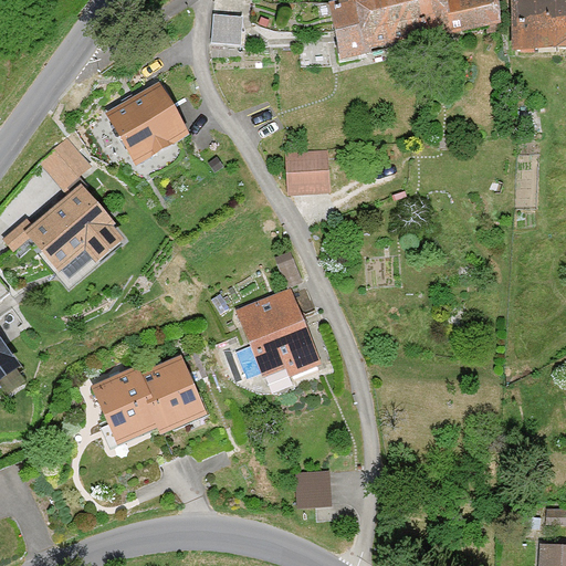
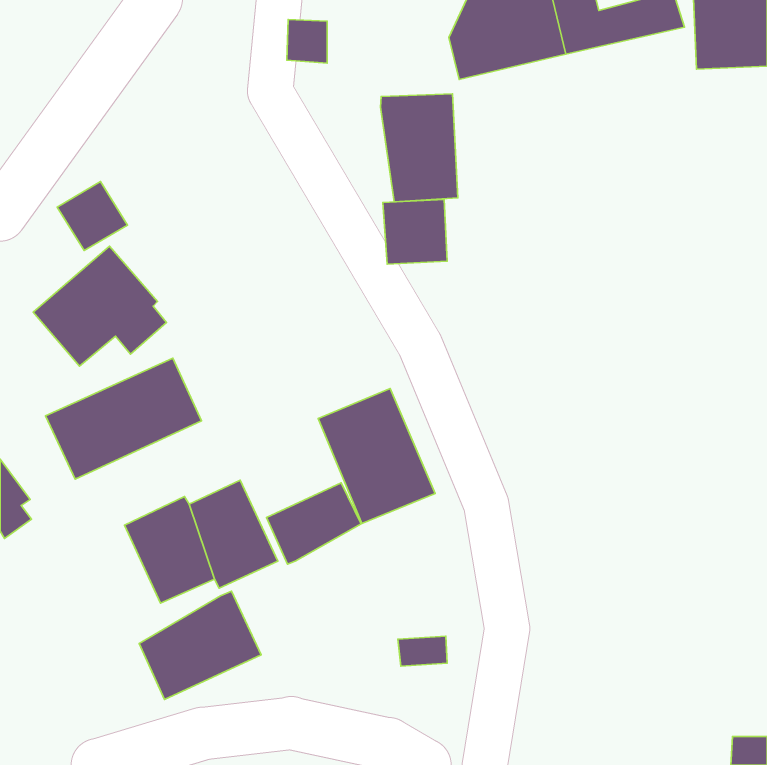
building: none -> [381,94,458,202]
building: [106,85,189,166] -> none
building: none -> [45,358,202,479]
building: none -> [267,483,361,564]
building: none -> [139,591,261,699]

